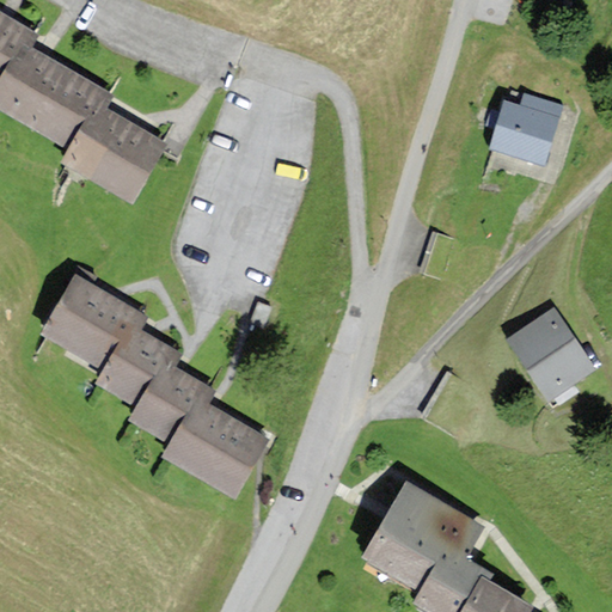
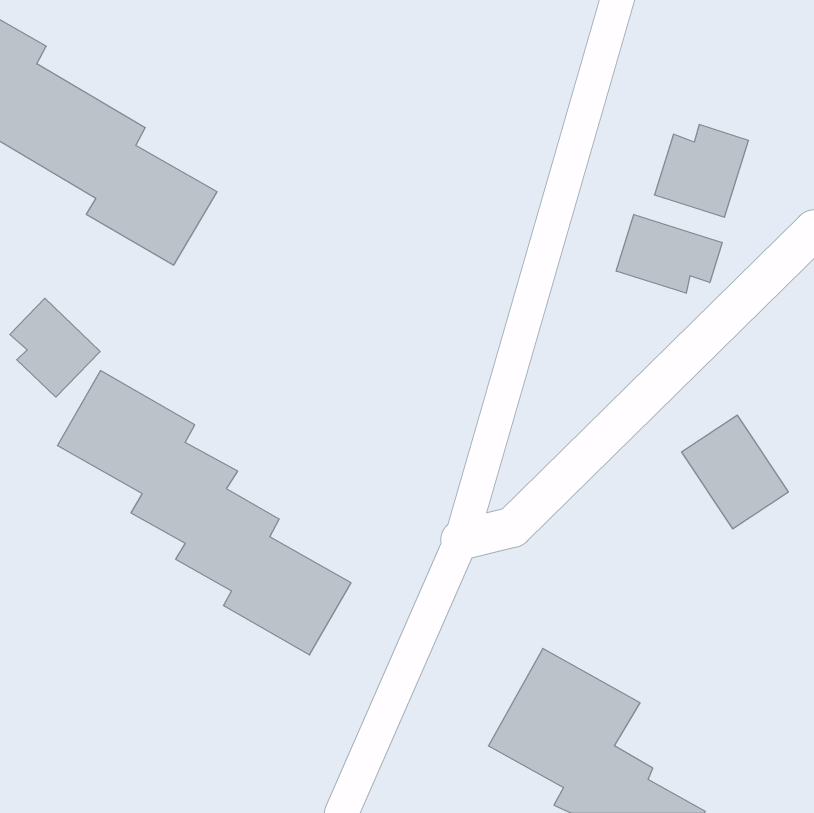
building: none -> [616,214,722,293]
building: none -> [10,298,100,397]

